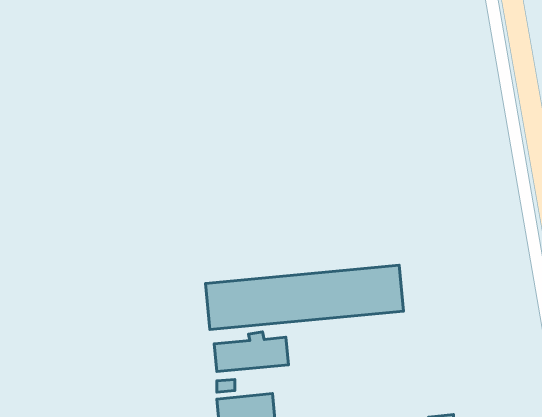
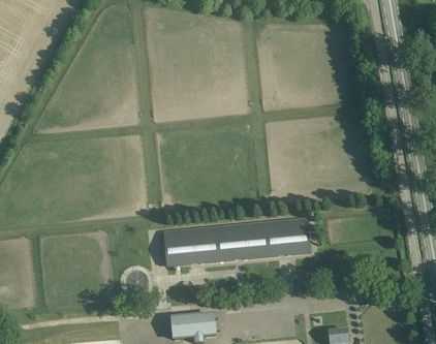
building: [214,332,288,372] -> none

